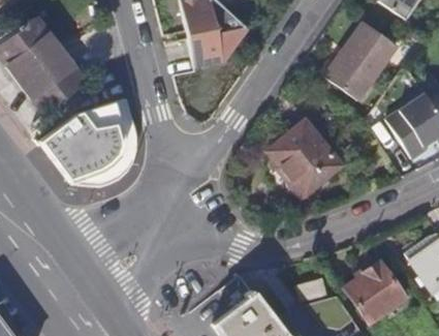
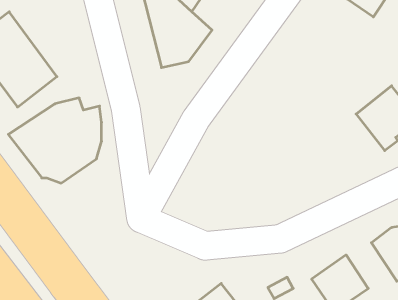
building: [328,20,402,99] -> none
building: [269,121,342,195] -> none

